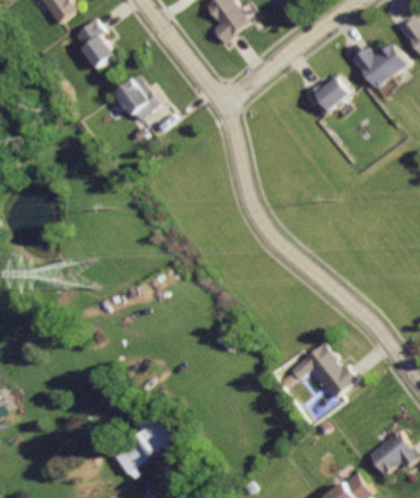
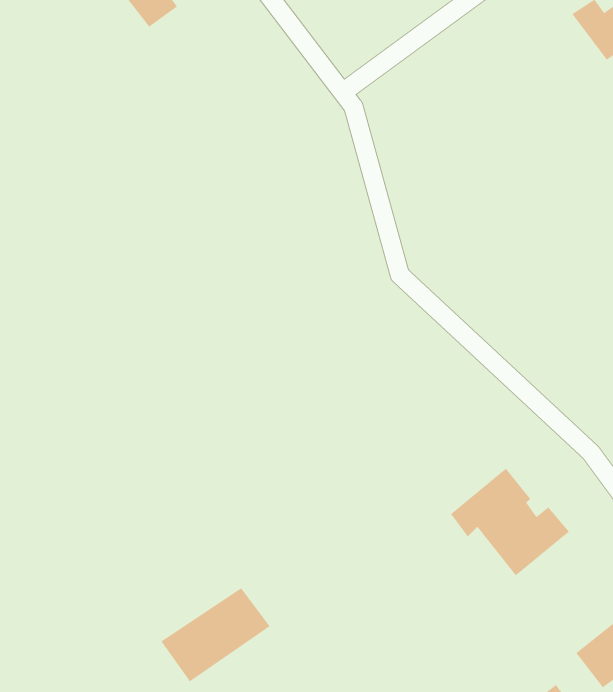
building: [312,76,360,118] -> none
building: [118,77,160,119] -> none

